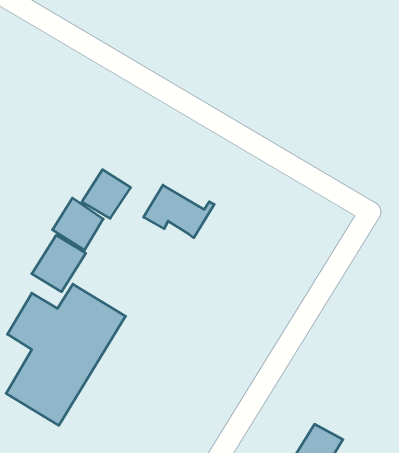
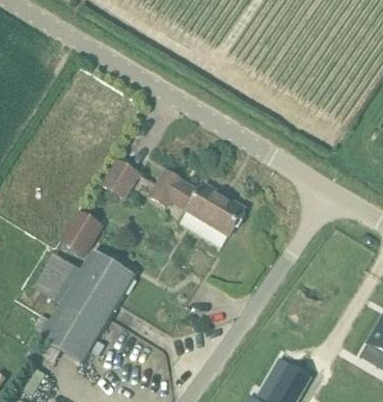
building: [52,198,103,250] -> none
building: none -> [190,185,244,234]

